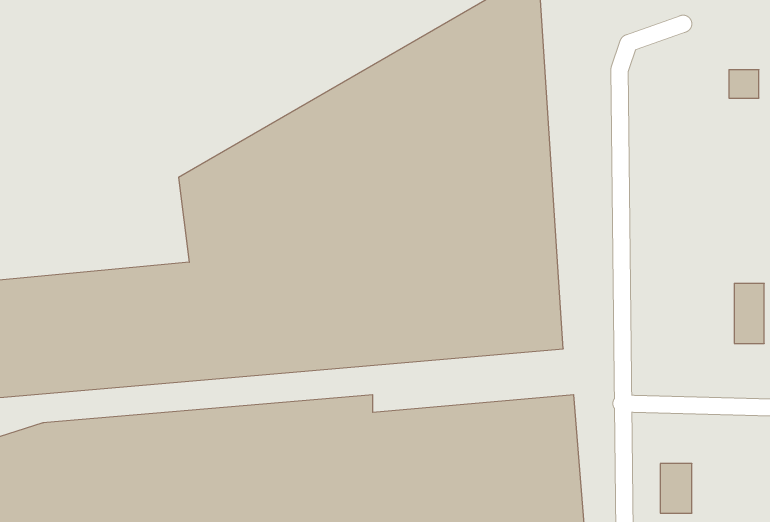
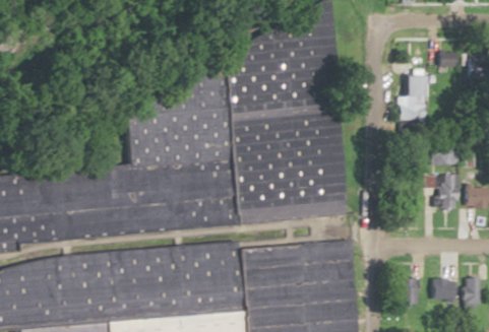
building: none -> [404,73,425,121]
building: none -> [432,152,457,167]
building: none -> [434,280,457,305]

